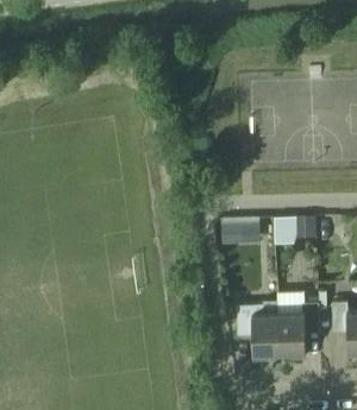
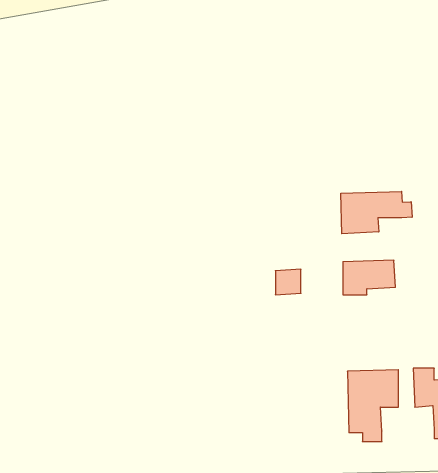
building: none -> [341,191,412,234]
building: [237,301,280,361] -> none

